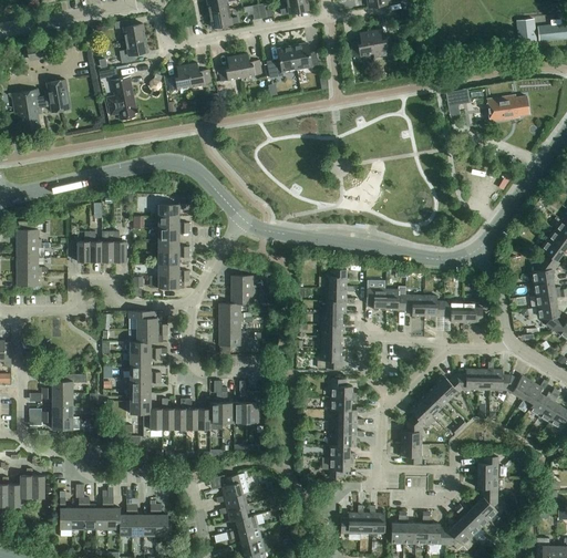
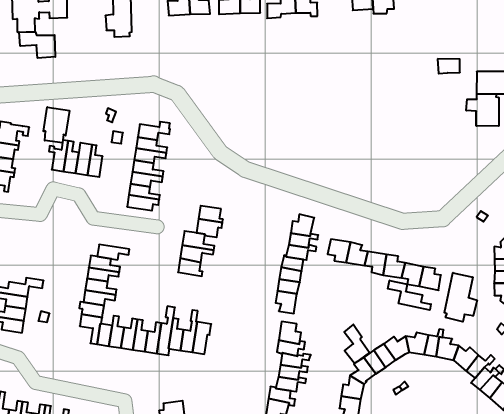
building: none -> [466,94,499,126]
building: none -> [19,32,55,58]
building: none -> [43,107,69,143]
building: none -> [444,273,477,322]
building: [128,311,167,330] -> none
building: none -> [388,280,431,310]
building: none -> [344,324,370,363]

